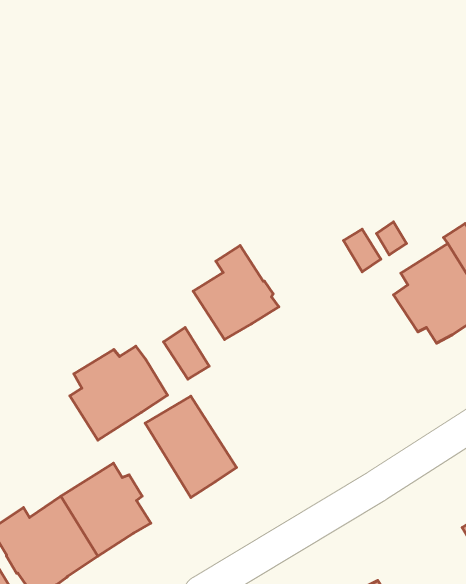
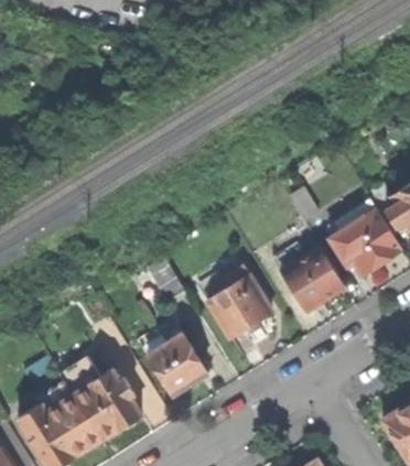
building: [193,245,279,340] -> [206,265,272,338]
building: none -> [281,247,345,311]
building: [70,346,168,440] -> none

